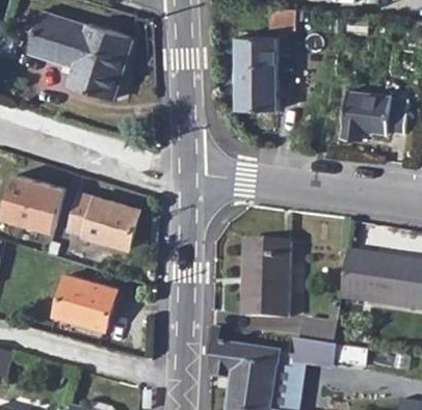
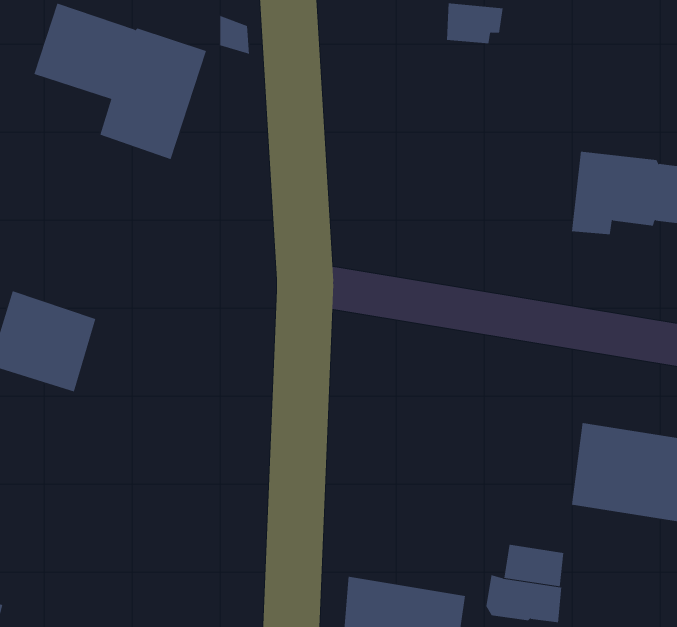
building: [234,35,276,109] -> none
building: [69,190,137,247] -> none
building: [243,242,289,318] -> none
building: [53,274,115,330] -> none

